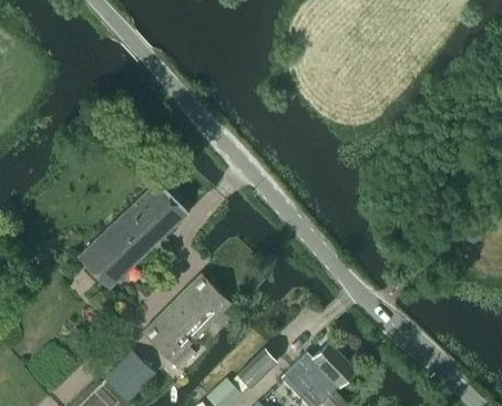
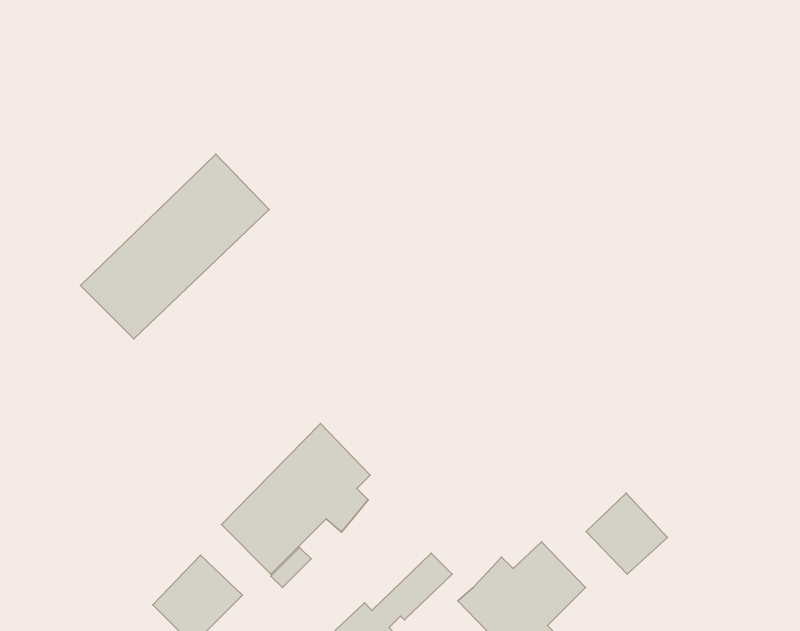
building: [78,181,187,289] -> [81,154,269,339]
building: none -> [586,493,667,574]

